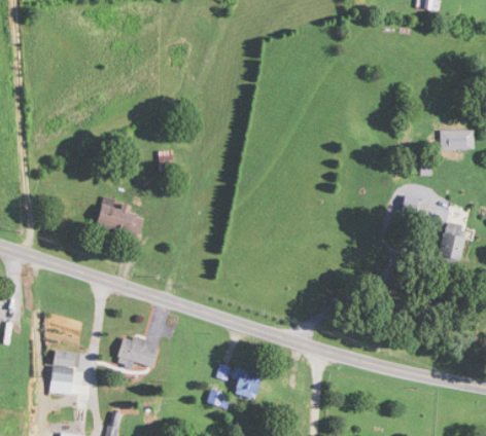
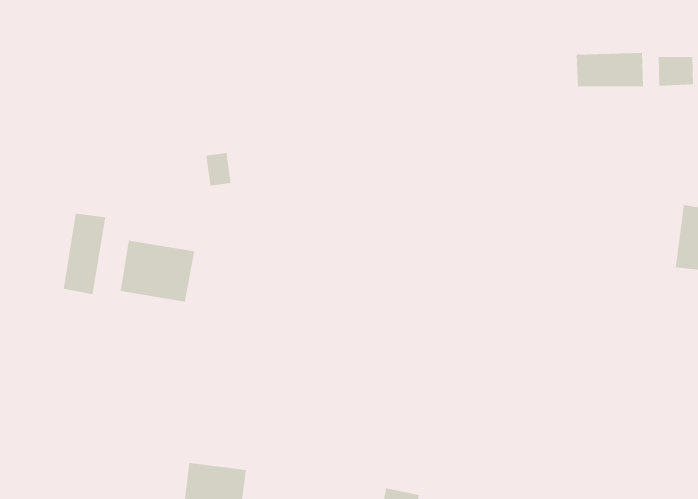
building: none -> [576,52,644,87]
building: none -> [63,213,106,295]

